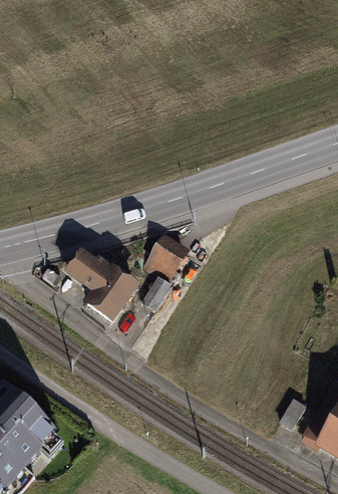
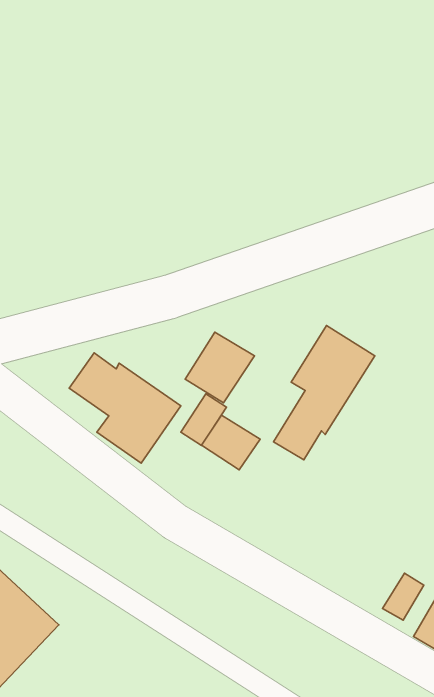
building: none -> [274,326,375,460]
building: none -> [202,415,260,470]

